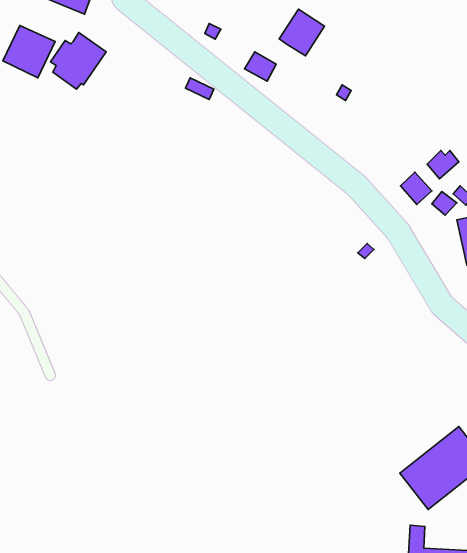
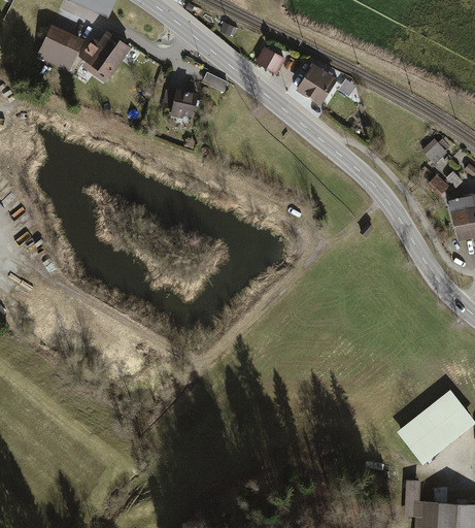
building: [279,9,325,56] -> [297,64,338,106]
building: none -> [162,89,199,119]
building: [401,172,432,204] -> none

